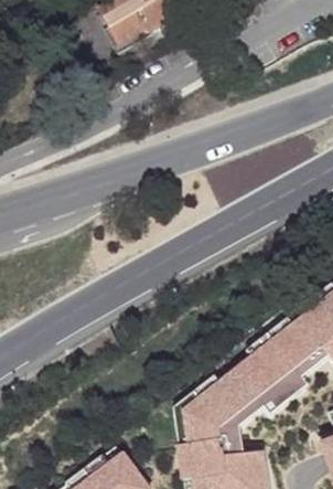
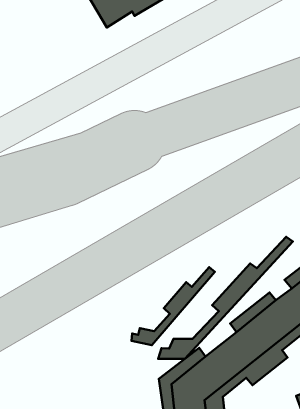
building: none -> [158,237,293,359]
building: none -> [131,267,215,345]

